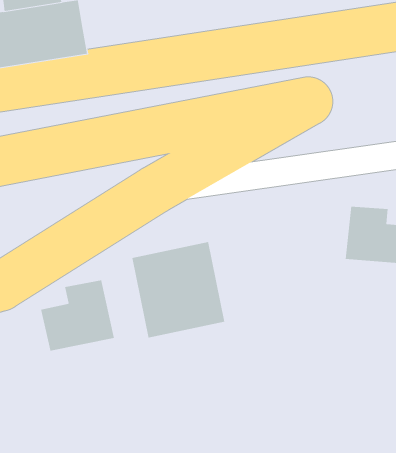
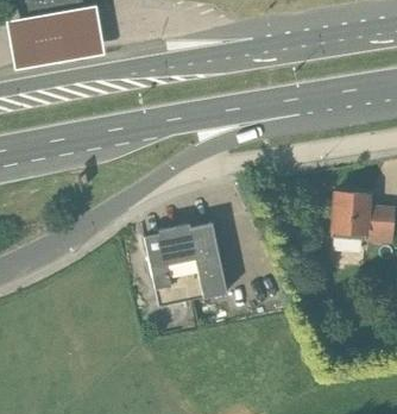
building: [40,279,115,352] -> none

